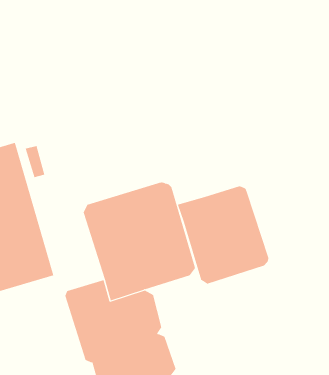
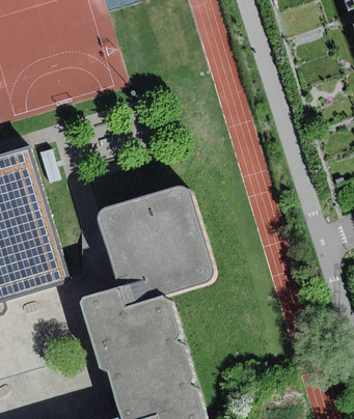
building: [177,185,269,285] -> none

